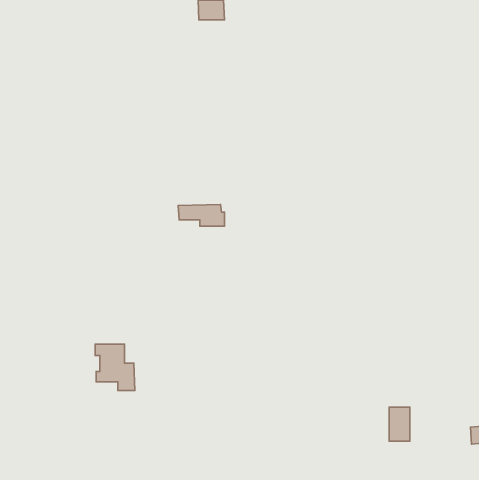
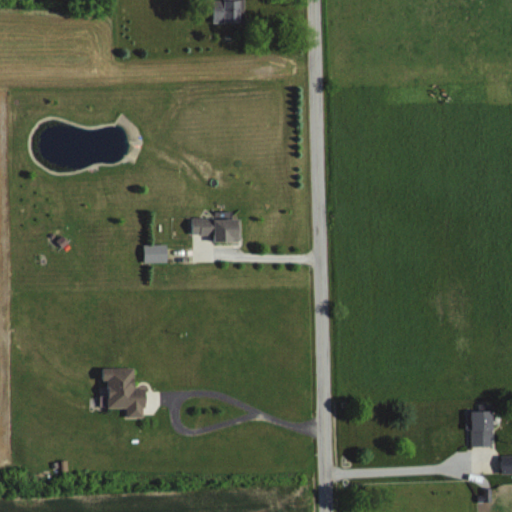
building: none -> [144,244,168,263]
building: [389,407,410,441] -> [471,409,493,445]

